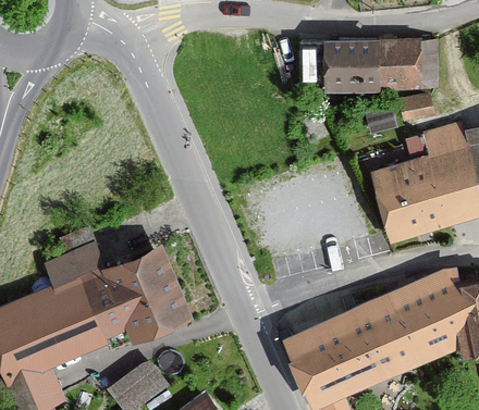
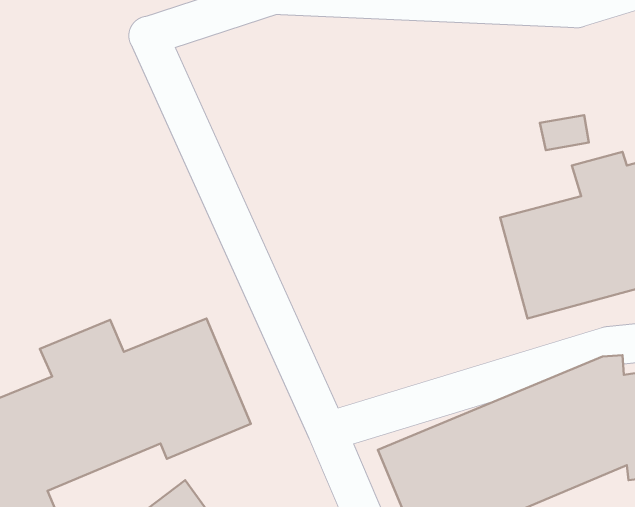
building: [326,40,429,91] -> none

